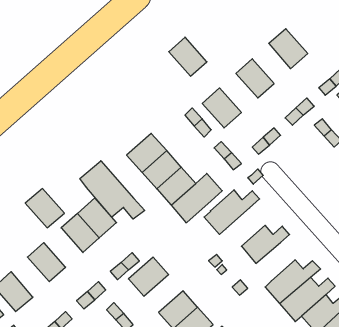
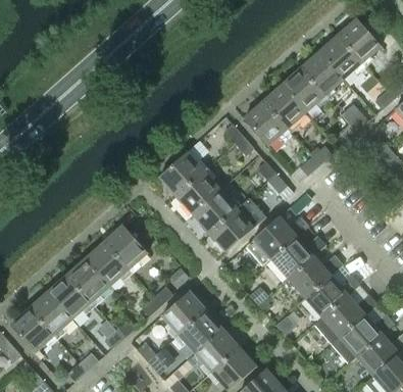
building: none -> [338,18,381,62]
building: [169,37,207,76] -> [263,85,306,129]
building: none -> [300,51,343,96]
building: [80,161,145,219] -> none
building: [25,189,64,228] -> [66,258,110,302]
building: none -> [270,236,324,279]
building: none -> [304,275,359,317]
building: none -> [30,291,72,336]
building: none -> [179,310,222,353]

